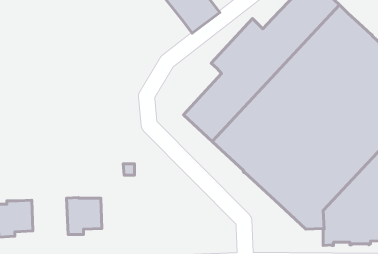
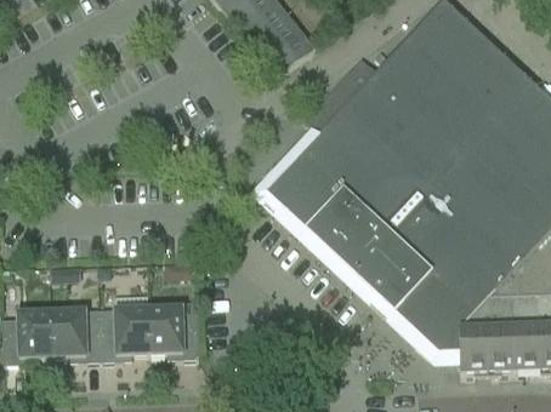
building: none -> [148,307,199,356]
building: none -> [51,308,102,360]

